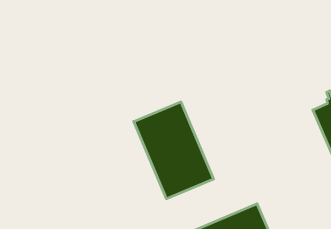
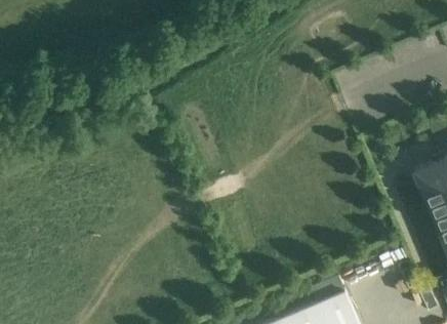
building: [134,102,214,199] -> none

